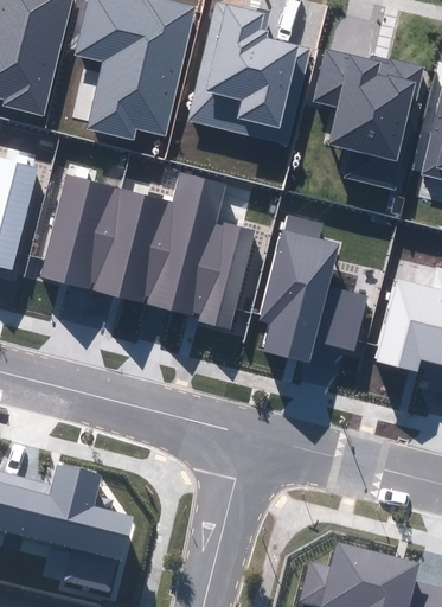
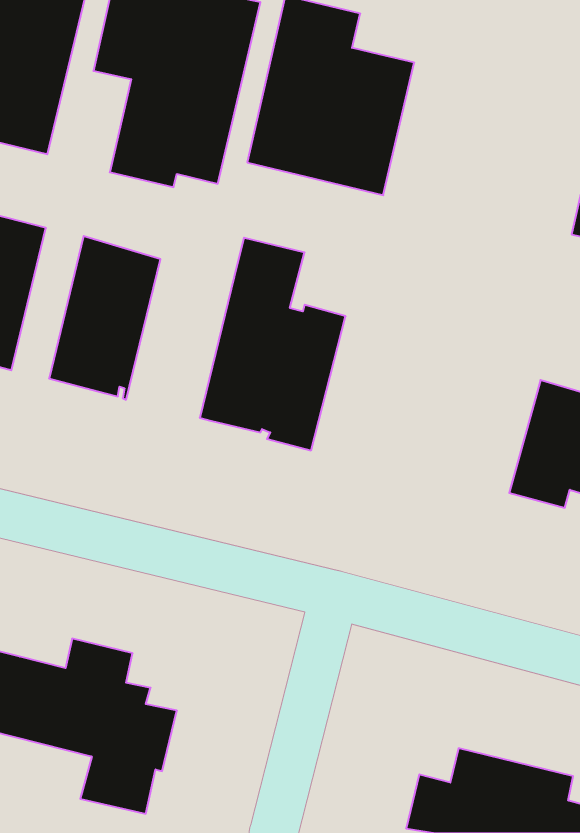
building: [309,49,419,190] -> none
building: [96,190,174,305] -> none
building: [257,216,369,363] -> none

